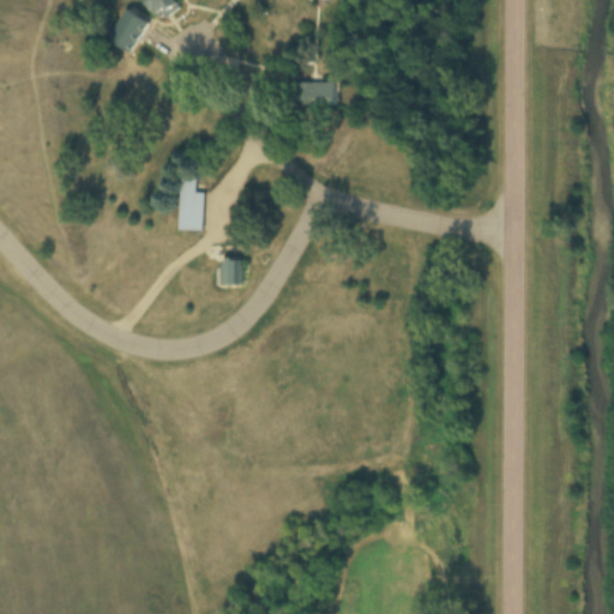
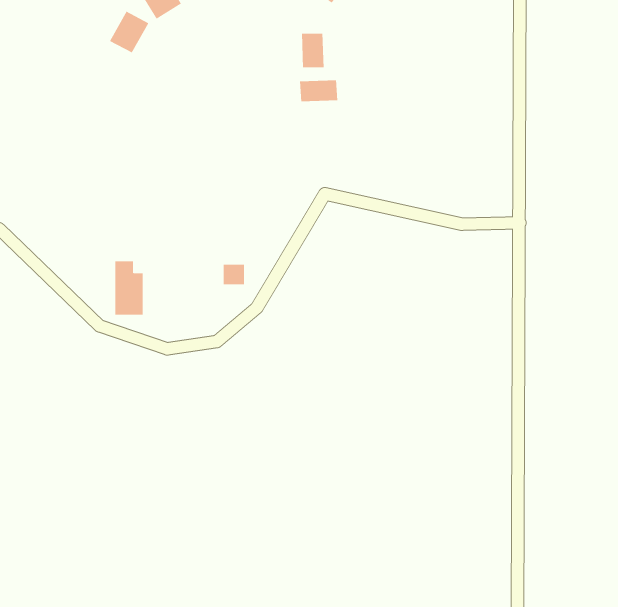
building: none -> [301,33,324,68]
building: [175,176,204,230] -> [115,261,144,315]

